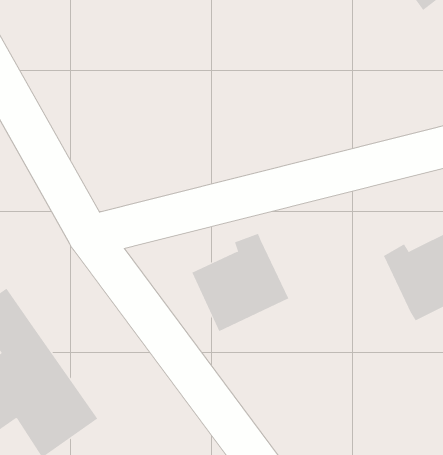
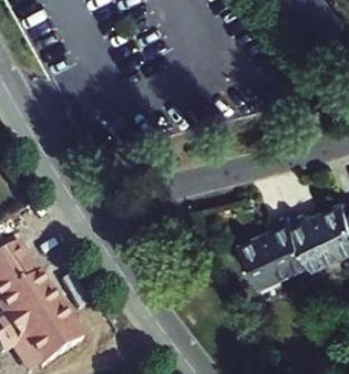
building: [192,233,289,332] -> [244,216,315,288]

